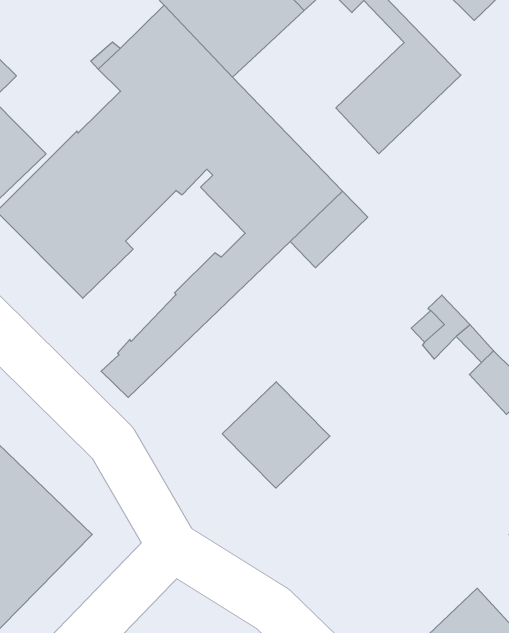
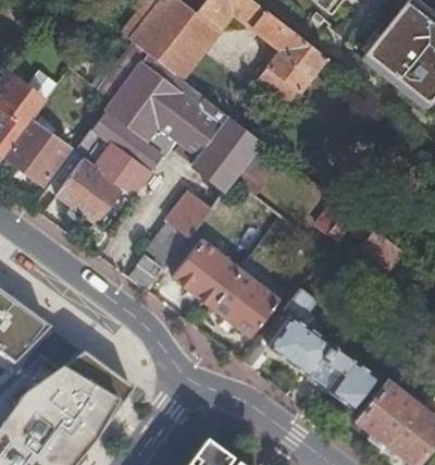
building: none -> [172,241,239,307]
building: none -> [241,286,376,409]

